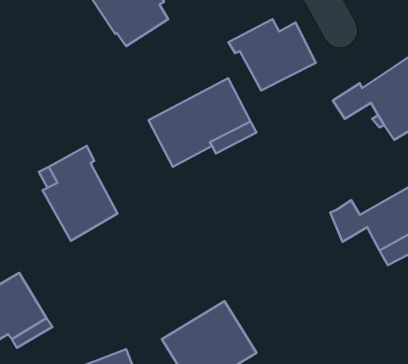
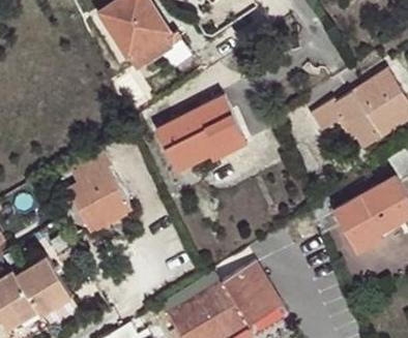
building: [229,19,316,90] -> none
building: none -> [218,262,282,327]

